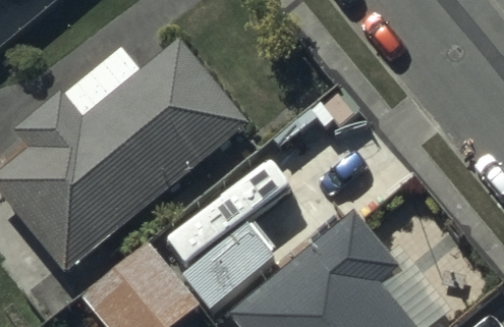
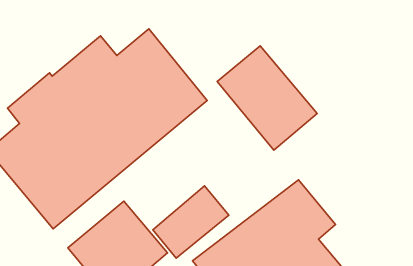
building: none -> [217,46,317,150]

